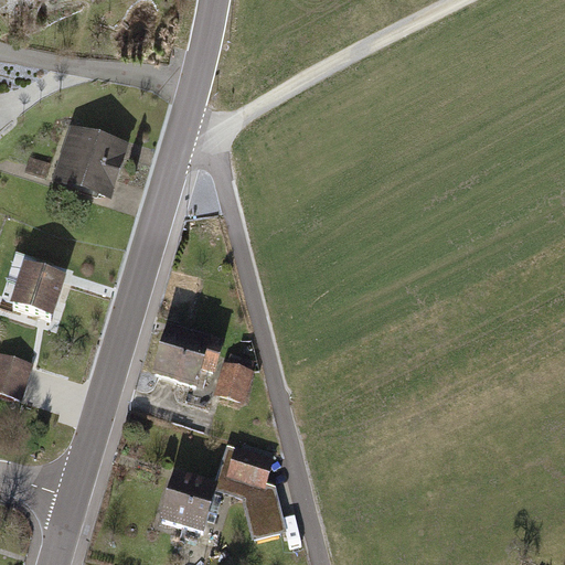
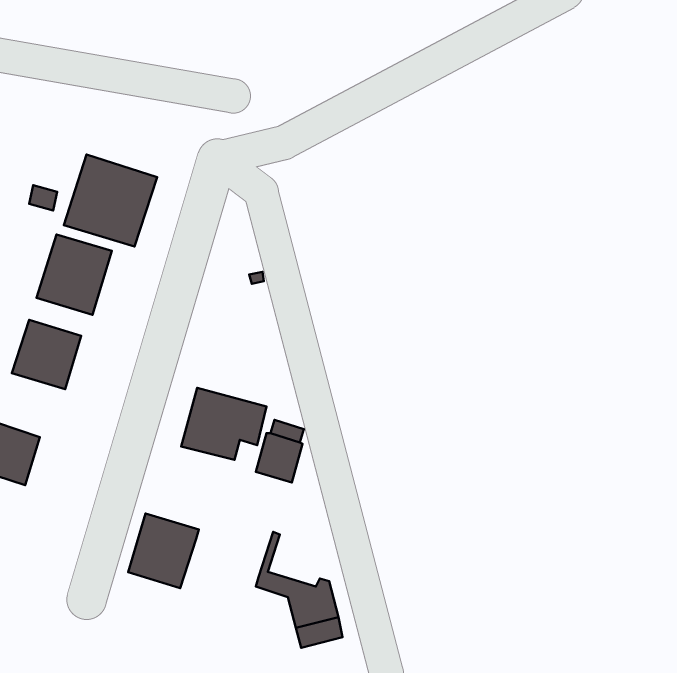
building: none -> [36,234,112,315]
building: [222,443,273,486] -> none
building: [156,465,214,526] -> [128,514,199,588]

